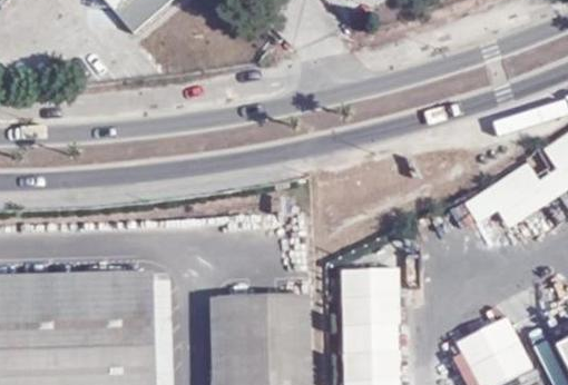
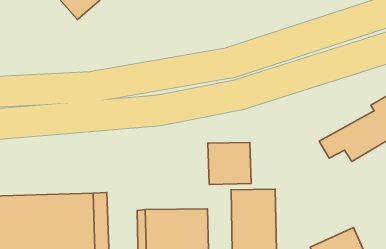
building: none -> [208,143,251,184]

